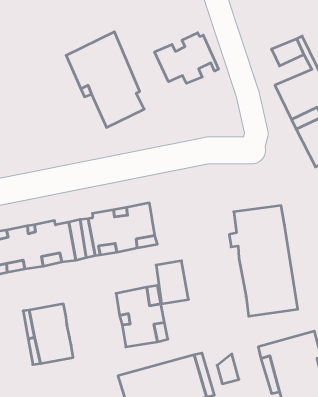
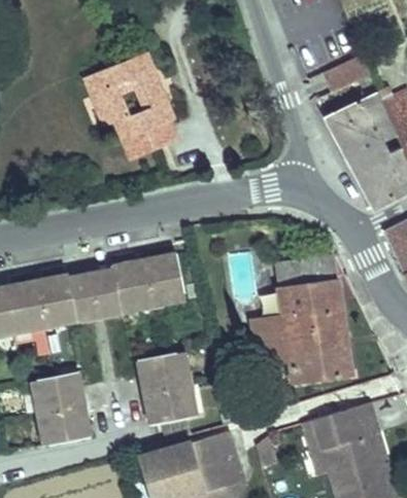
building: [155,33,218,83] -> none
building: [156,261,189,304] -> [253,318,292,368]

